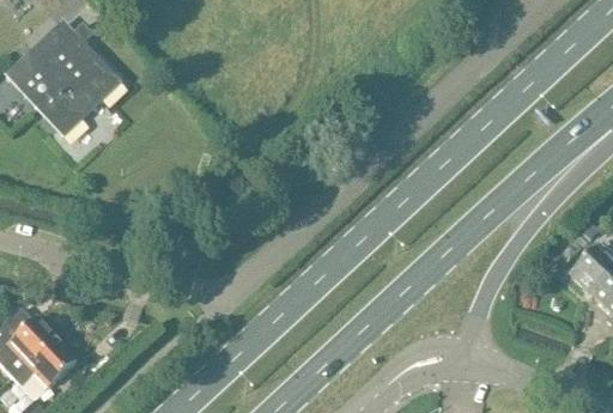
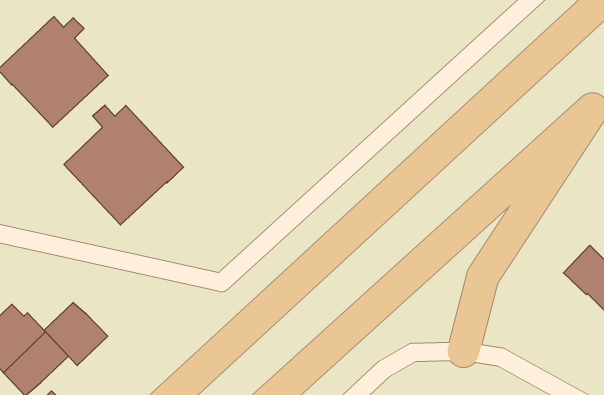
building: none -> [64,105,184,225]
building: none -> [44,302,108,366]

